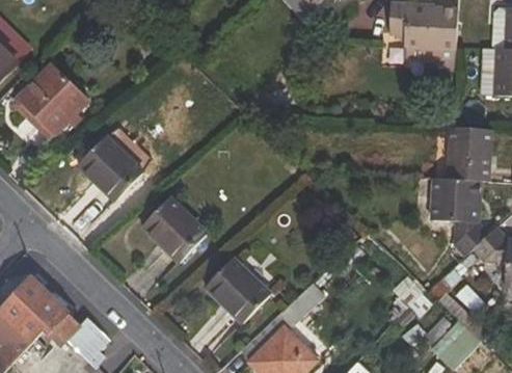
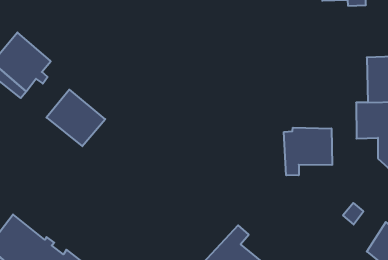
building: [141,196,207,263] -> none
building: none -> [284,128,332,175]
building: [205,257,270,323] -> none

